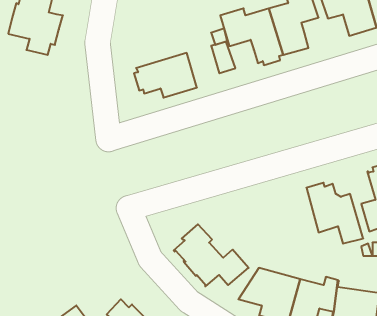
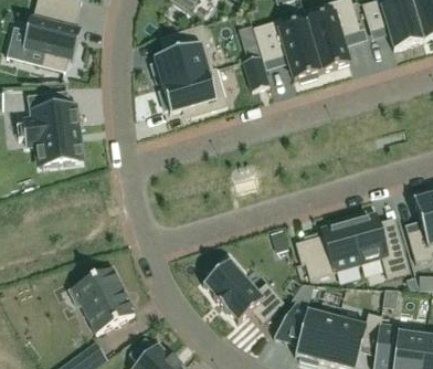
building: none -> [150,24,216,85]
building: none -> [22,91,82,166]
building: none -> [295,215,360,280]
building: none -> [68,267,135,334]

